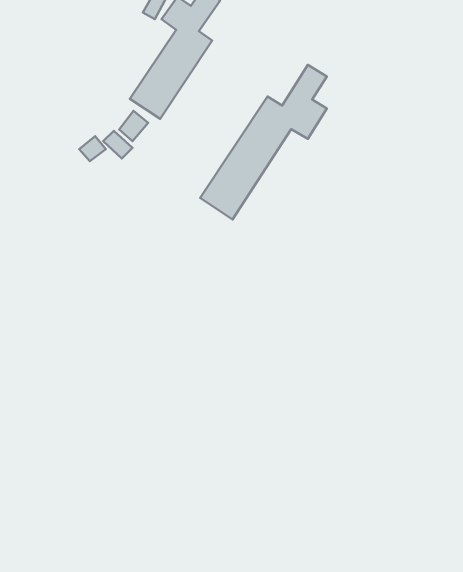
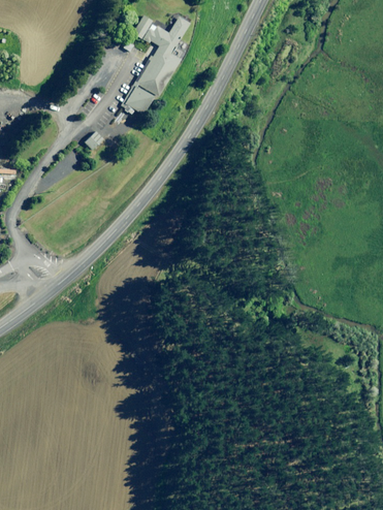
building: [200,65,327,219] -> none

